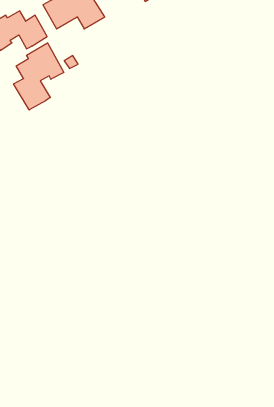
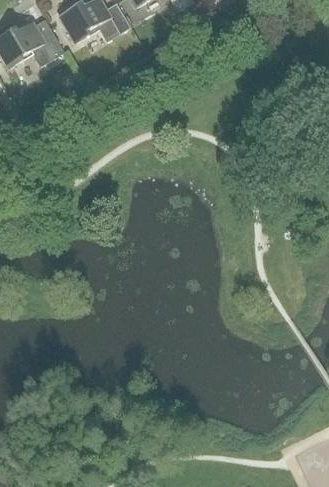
building: [14,43,64,110] -> none

